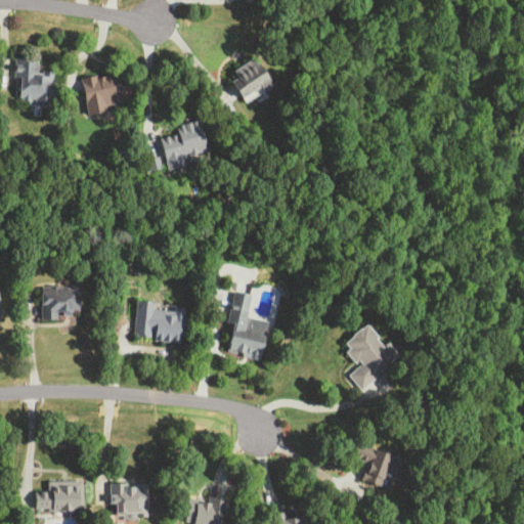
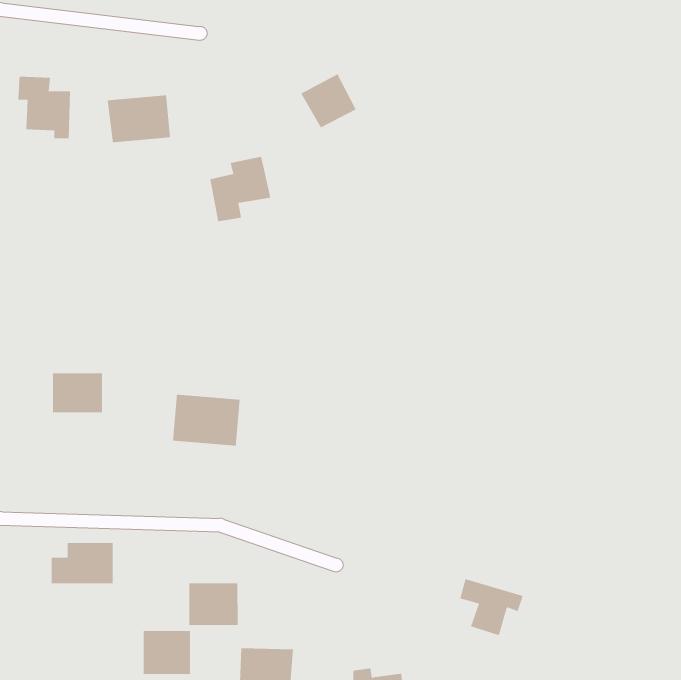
building: [224,294,269,361] -> none
building: [343,324,397,391] -> none
building: none -> [189,583,238,626]
building: [35,482,83,514] -> [51,542,114,584]

